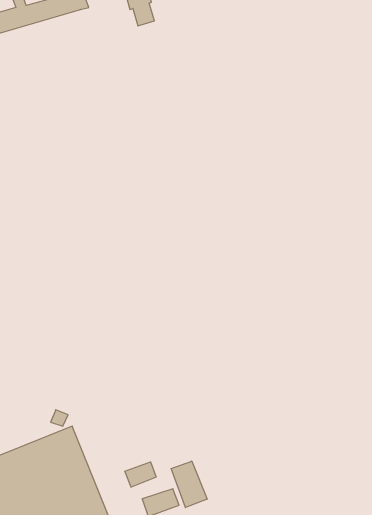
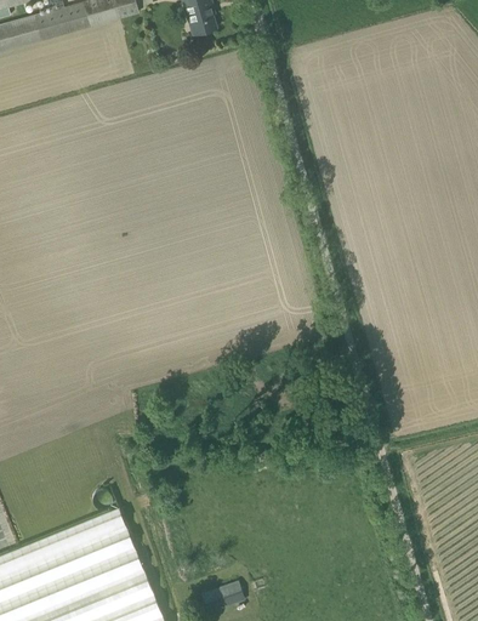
building: [171,461,207,508] -> none
building: [125,462,156,487] -> none

